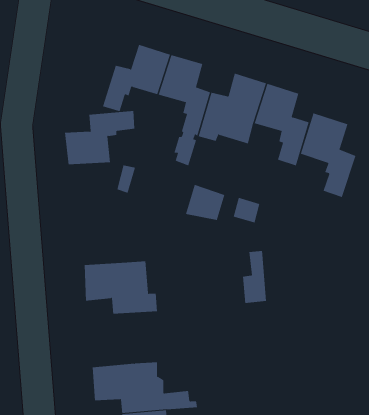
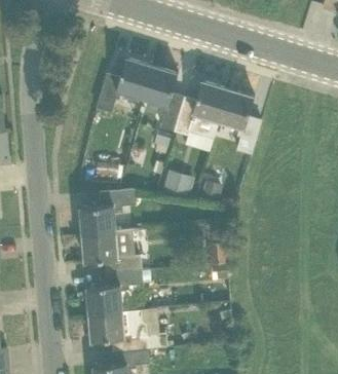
building: [64,111,135,165] -> [79,190,136,233]
building: [300,113,356,198] -> none
building: none -> [86,268,158,314]

